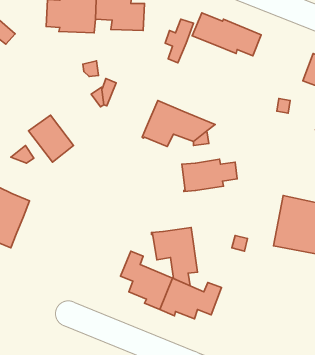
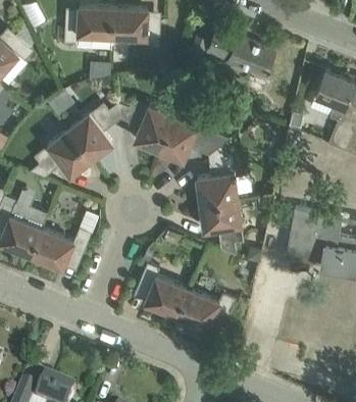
building: none -> [134,105,172,151]
building: none -> [67,113,111,159]
building: none -> [29,229,88,268]
building: [152,227,197,286] -> [198,199,243,256]

